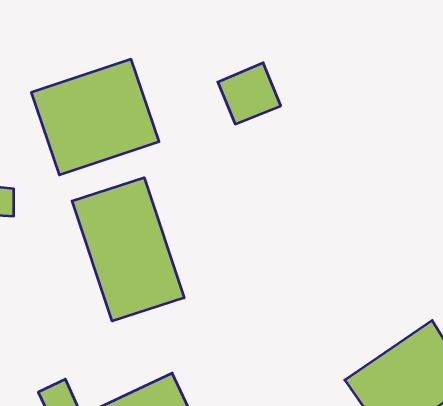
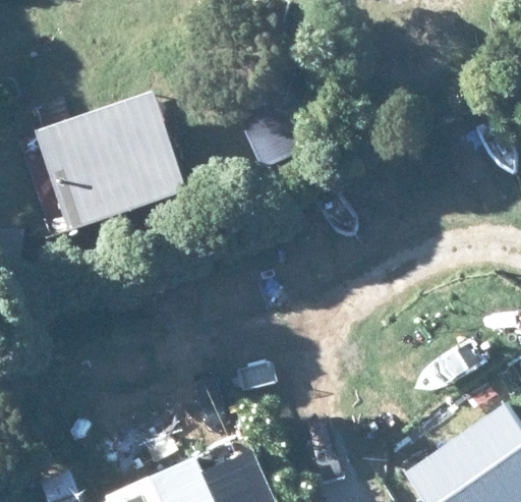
building: [72,178,184,321] -> none

